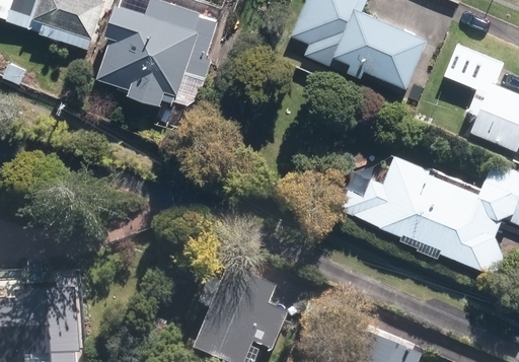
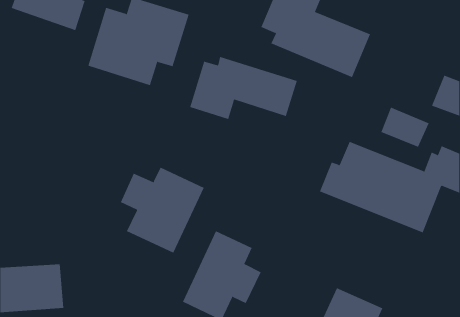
building: [448,45,503,90] -> [381,107,429,147]
building: none -> [189,56,297,120]
building: none -> [120,167,204,254]

